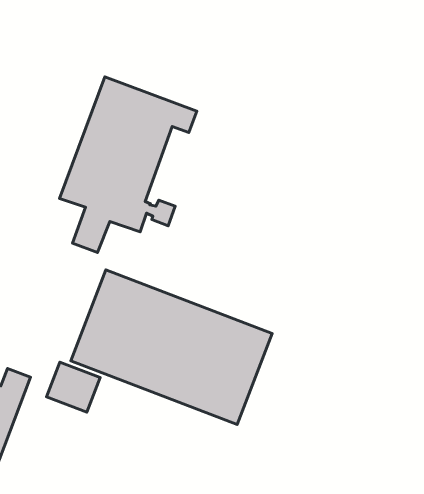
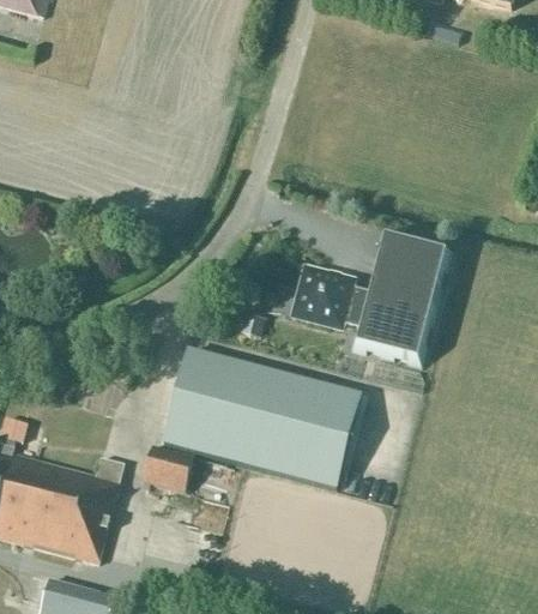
building: [60,77,197,252] -> none
building: none -> [288,237,445,360]

